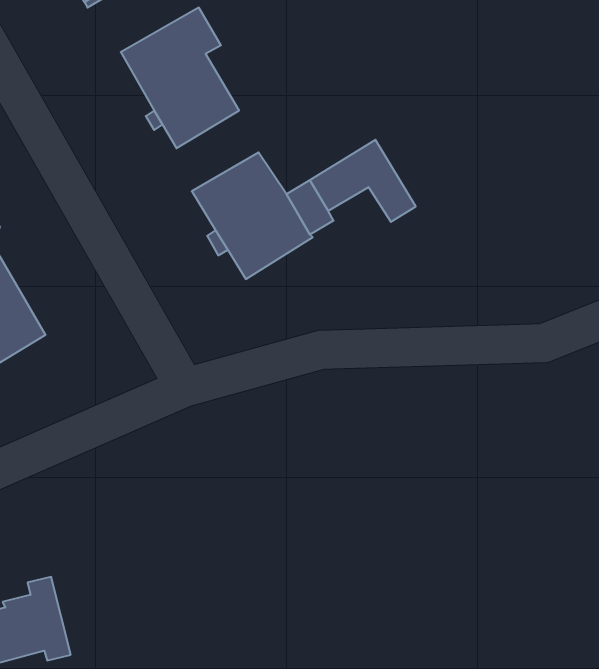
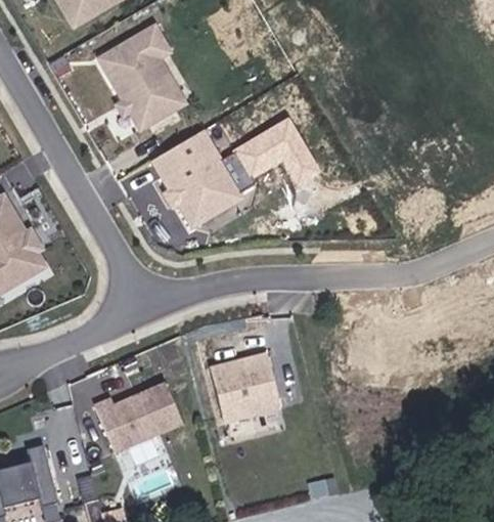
building: none -> [213,356,279,423]
building: none -> [93,385,180,453]

